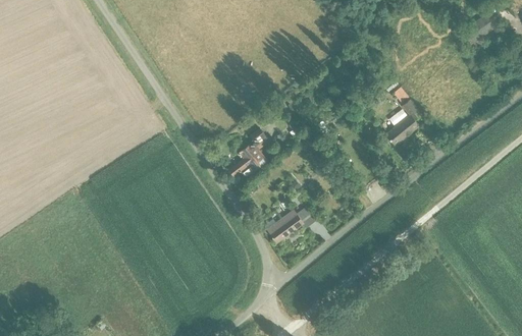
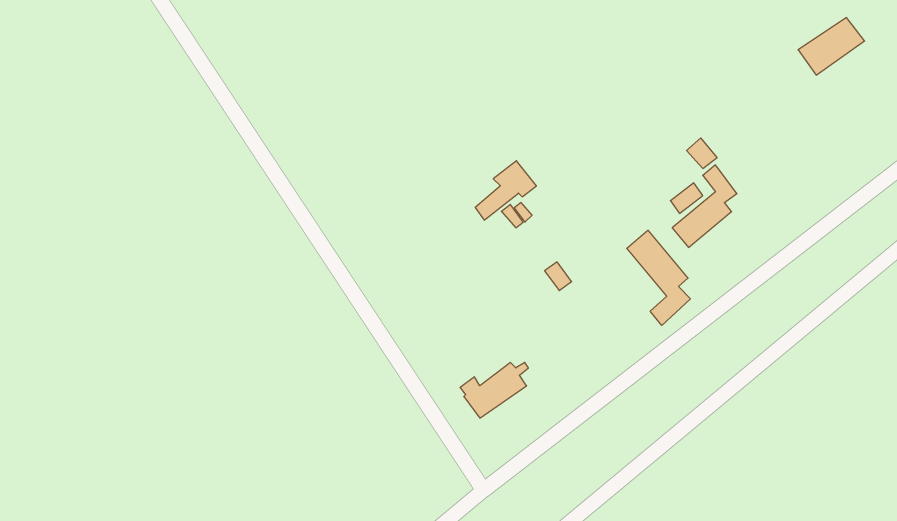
building: none -> [627,230,690,325]
building: [228,144,263,177] -> [475,161,536,220]

